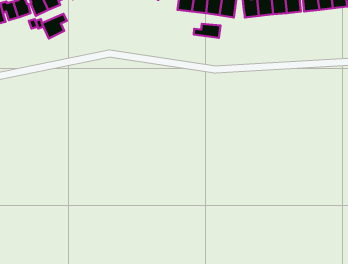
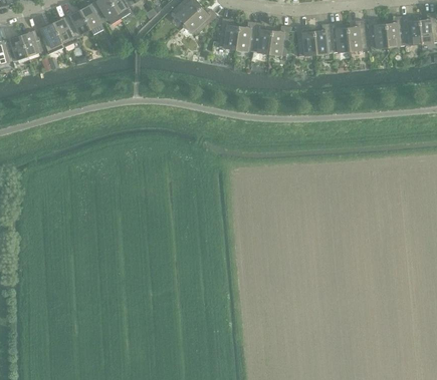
building: [42,14,67,38] -> none
building: [194,24,220,38] -> none

